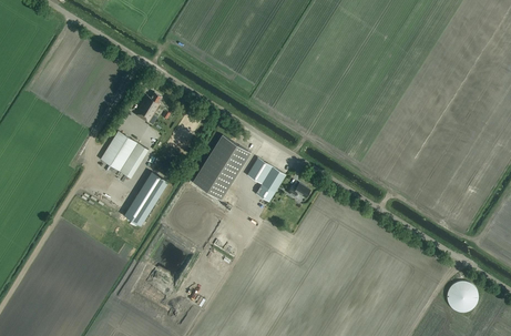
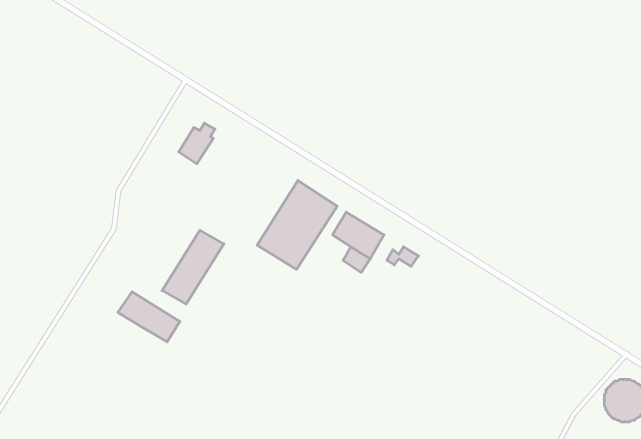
building: [100,131,147,179] -> none
building: none -> [118,292,180,342]

